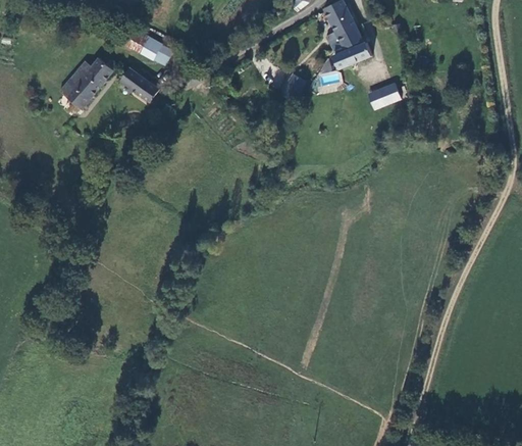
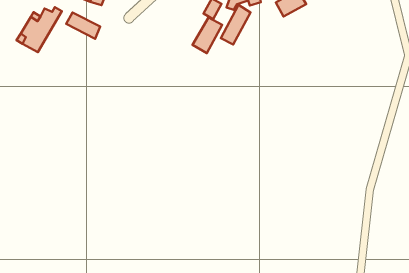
building: none -> [221,5,251,45]
building: none -> [193,17,222,53]

